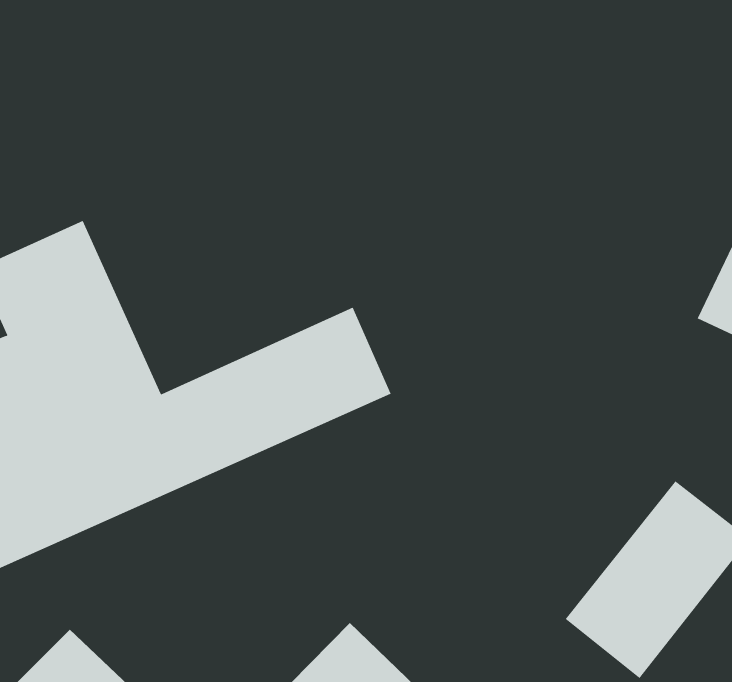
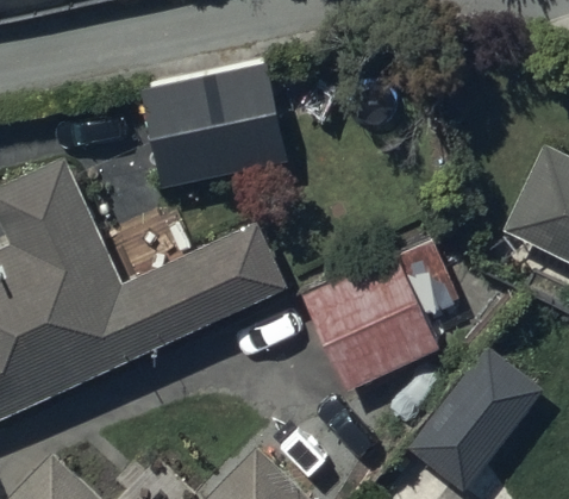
building: none -> [144,63,284,182]
building: none -> [304,242,456,389]

